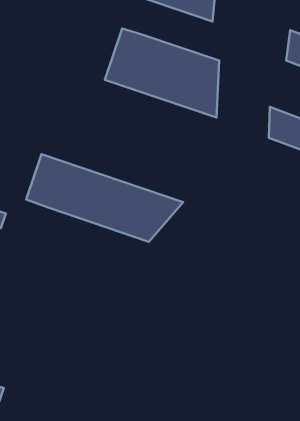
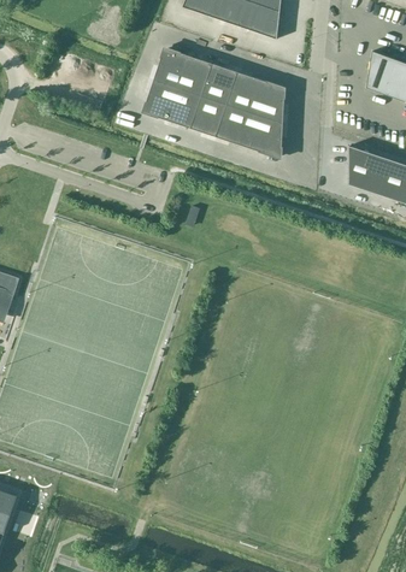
building: [26,154,183,242] -> none

